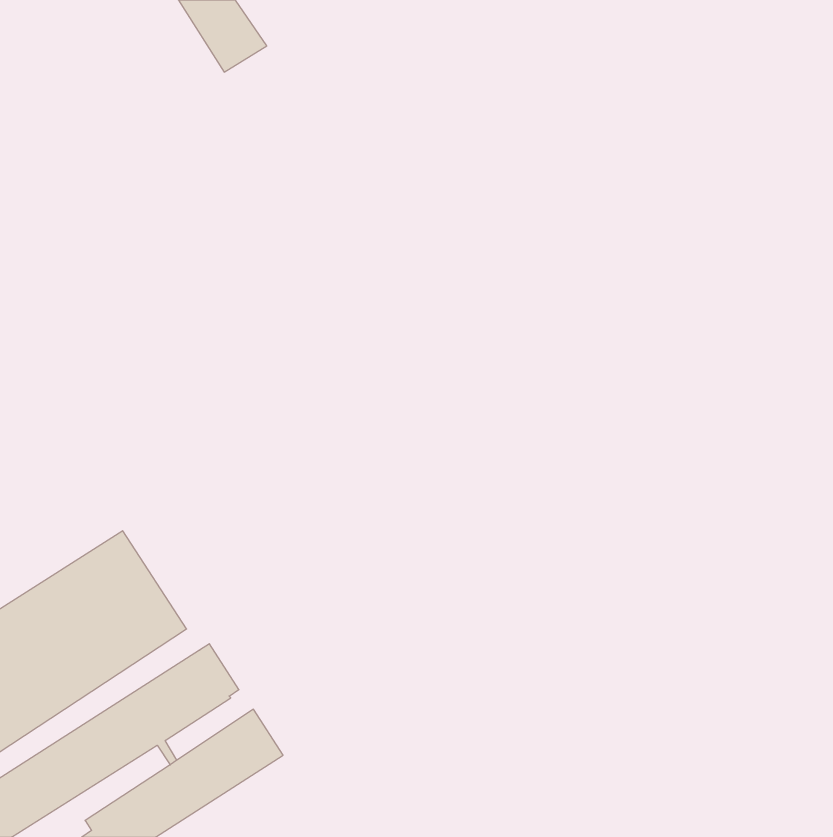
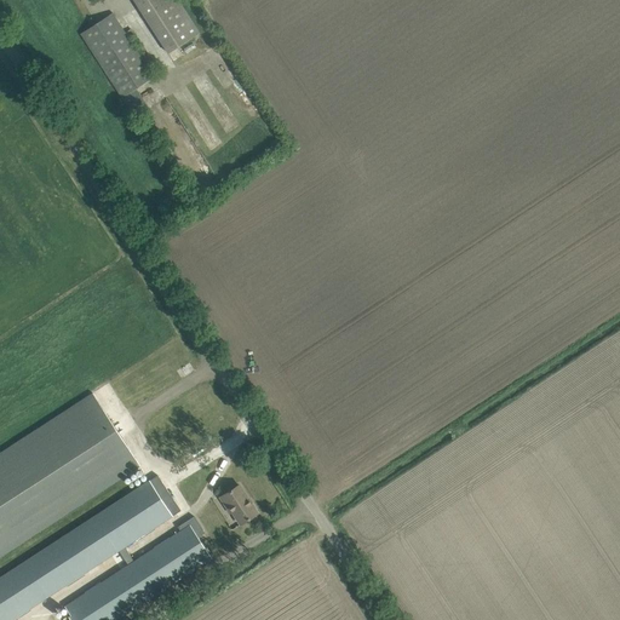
building: none -> [79,13,151,97]
building: none -> [218,484,256,524]

